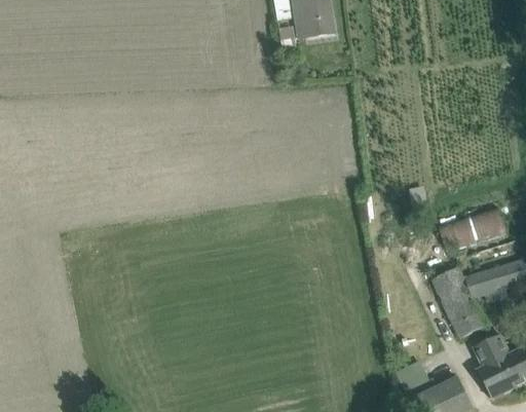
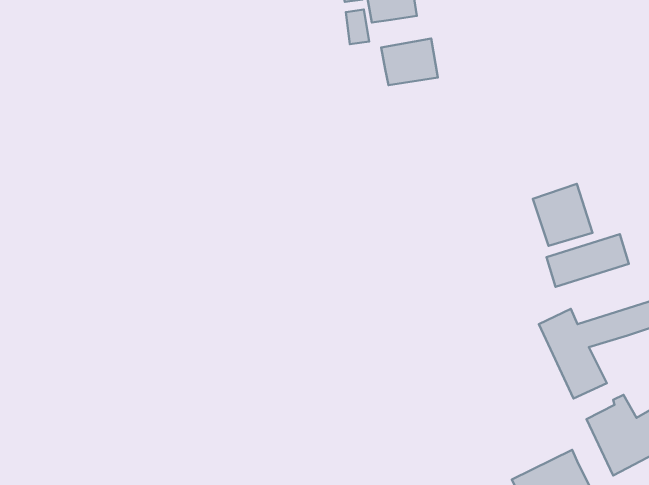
building: none -> [381,38,438,85]
building: none -> [533,184,592,246]

